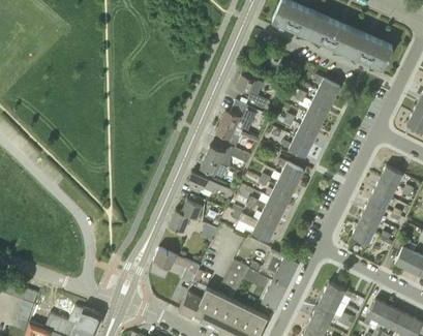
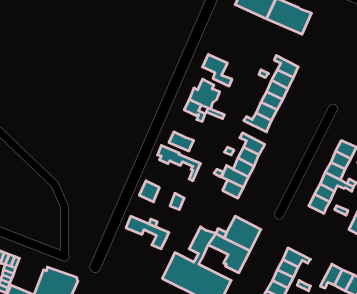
building: [344,29,393,68] -> none
building: [206,146,252,167] -> none
building: [176,194,206,221] -> none
building: [233,211,275,241] -> none
building: [179,270,205,315] -> none

